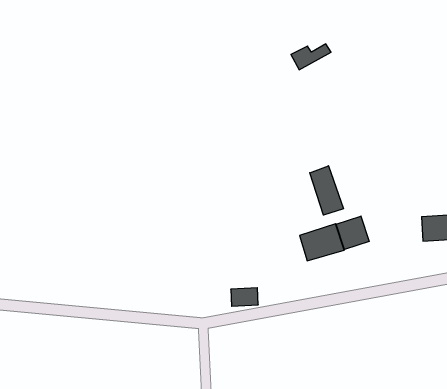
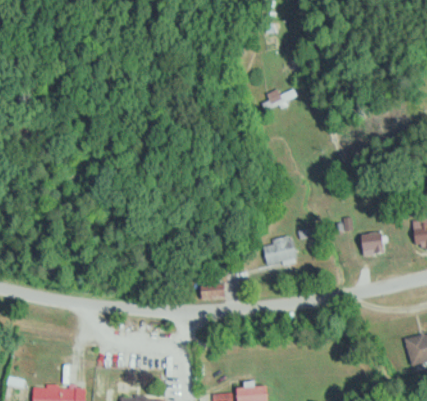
building: [310,166,343,215] -> none
building: [336,216,369,250] -> none

